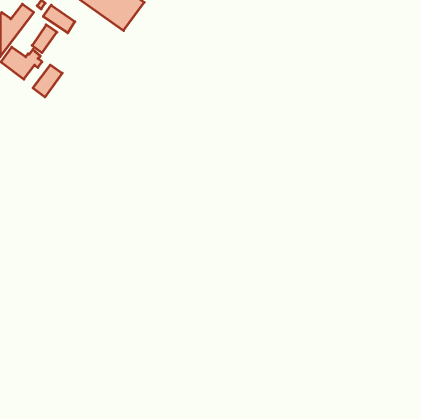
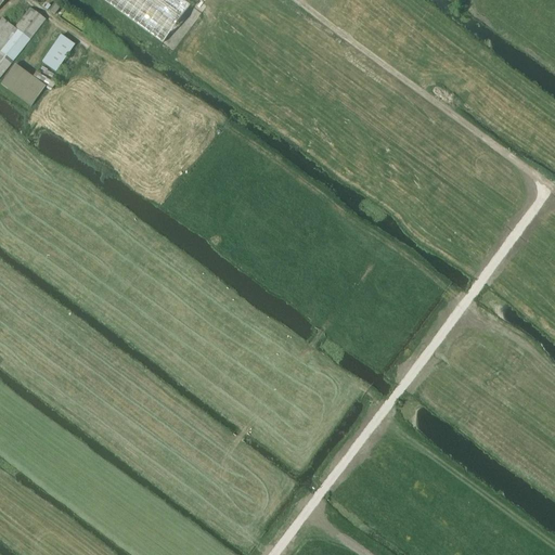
building: [43,5,75,33] -> none
building: [33,65,62,97] -> none

